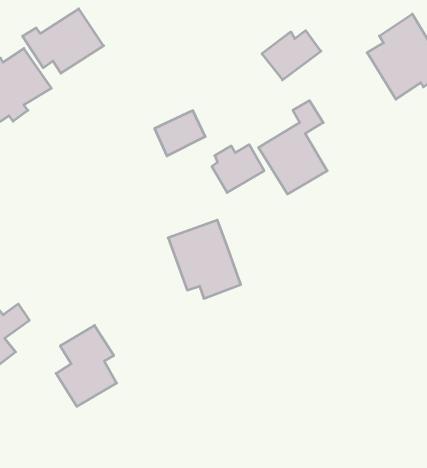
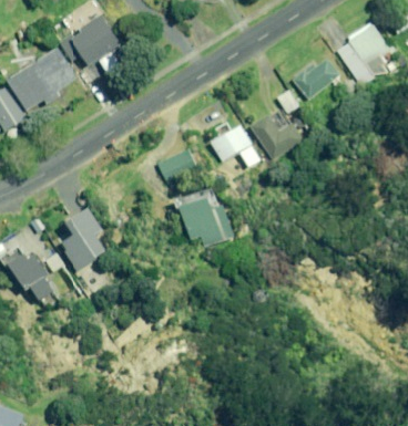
building: [262,31,321,80] -> [290,60,338,100]
building: [155,111,205,156] -> [157,148,198,185]
building: [56,325,117,406] -> [59,205,108,270]

